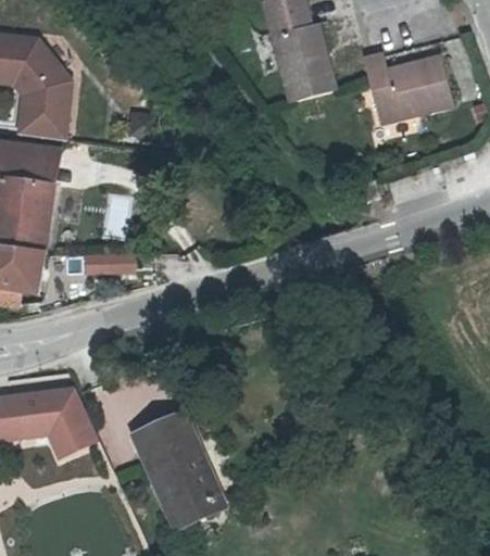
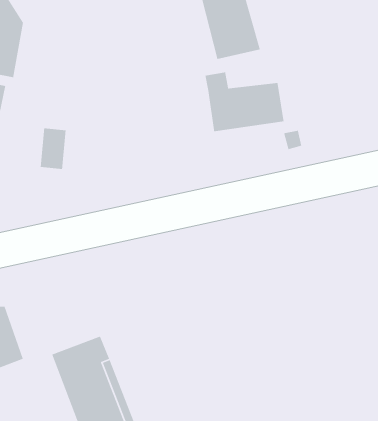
building: [360,60,450,126] -> [204,72,285,132]
building: [80,248,134,271] -> none

